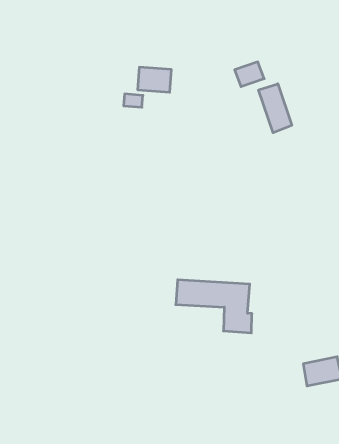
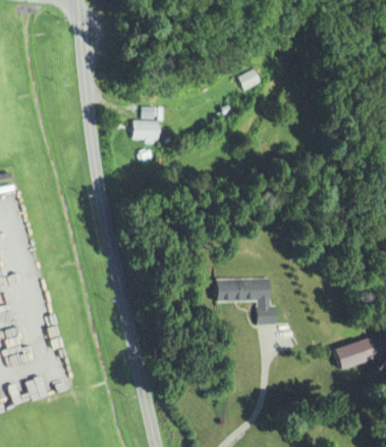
building: [138,67,171,92] -> [131,120,162,142]
building: [259,84,292,133] -> none

